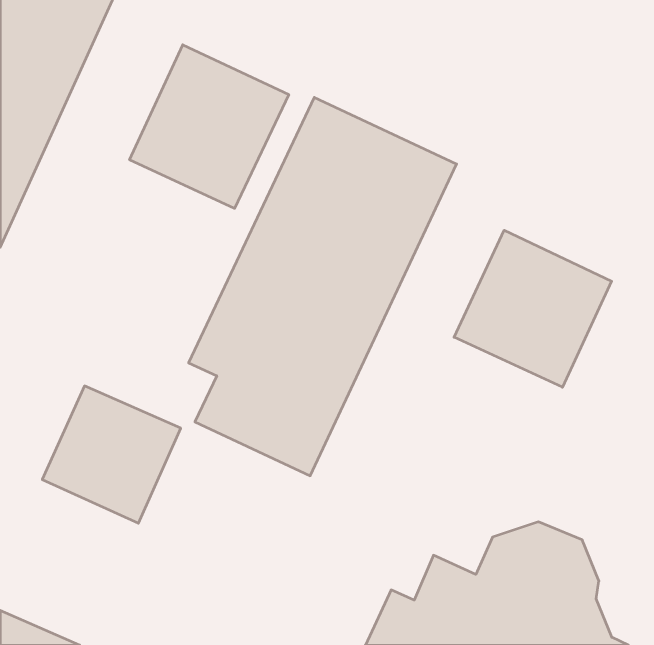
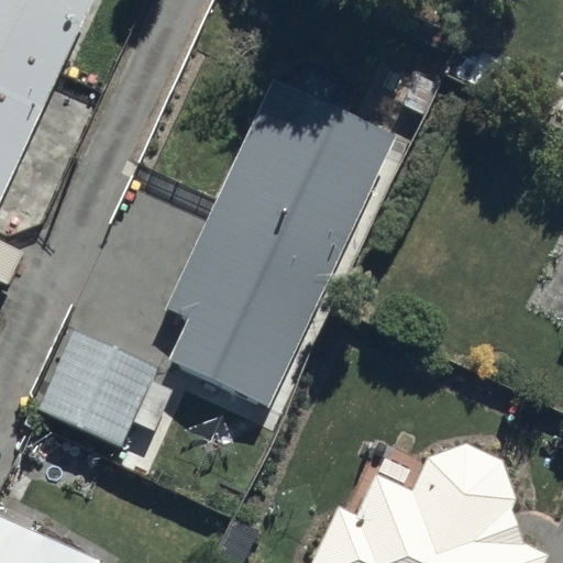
building: [130,45,289,208] -> none
building: [454,230,612,387] -> none

